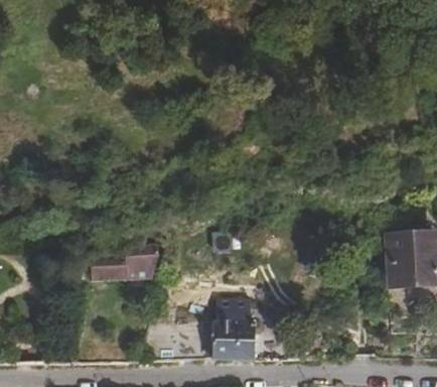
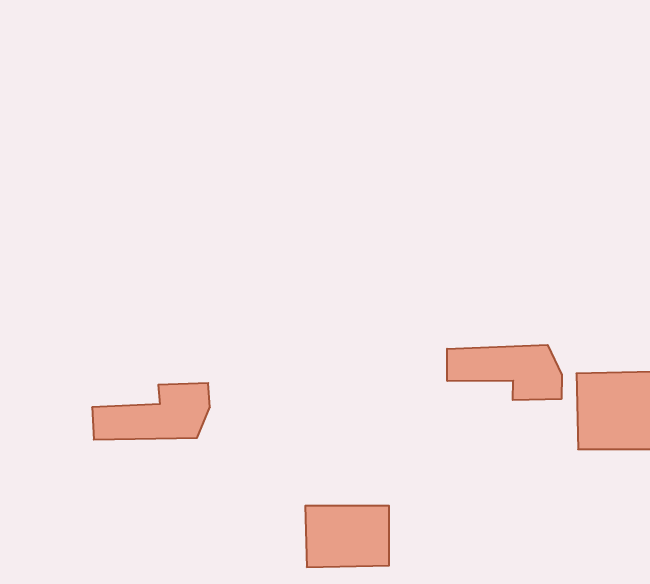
building: none -> [447,345,562,400]

